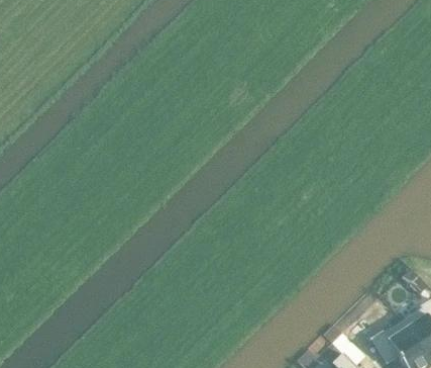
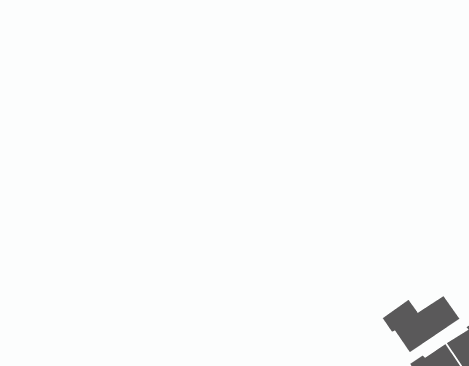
building: none -> [382,295,460,353]

